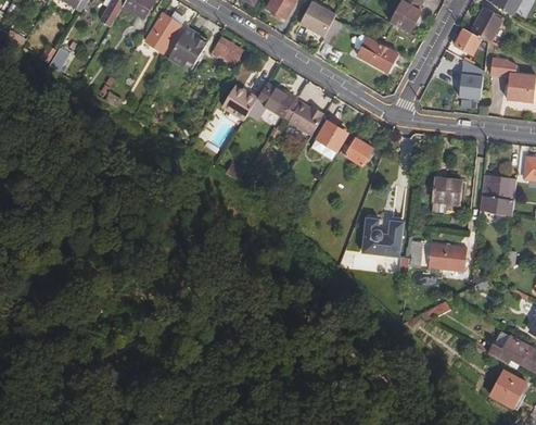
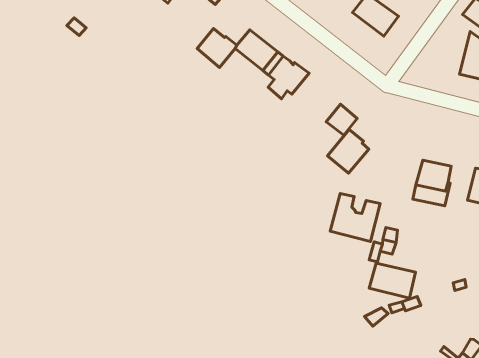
building: [310,121,346,160] -> [327,129,369,173]
building: [427,243,467,271] -> [369,263,415,298]

